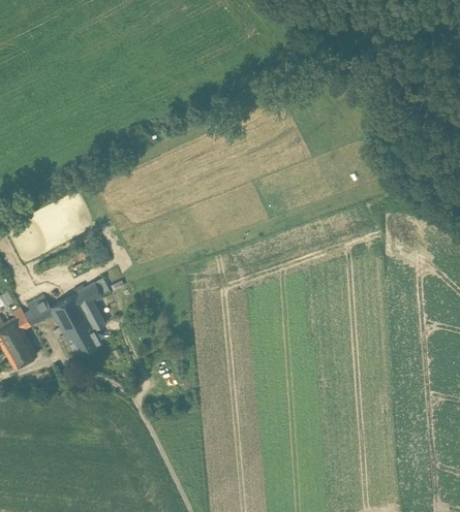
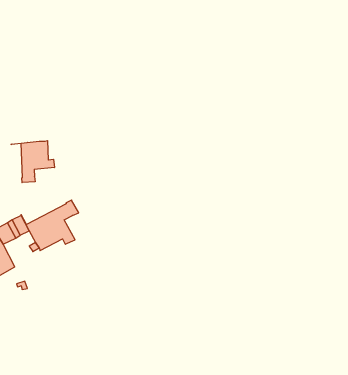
building: none -> [11,141,54,183]
building: [66,323,103,357] -> none

